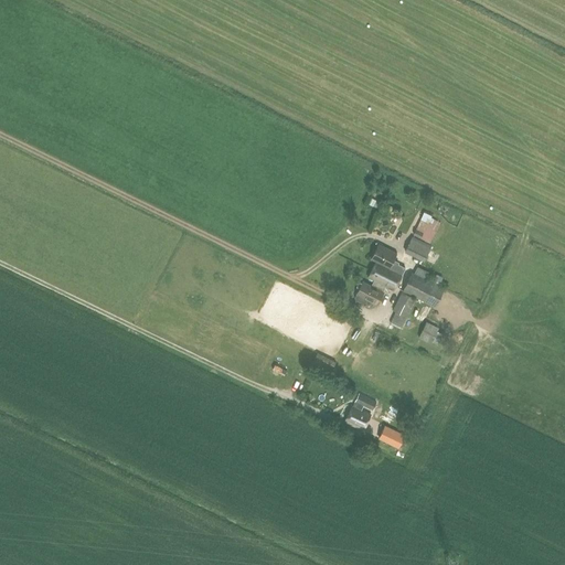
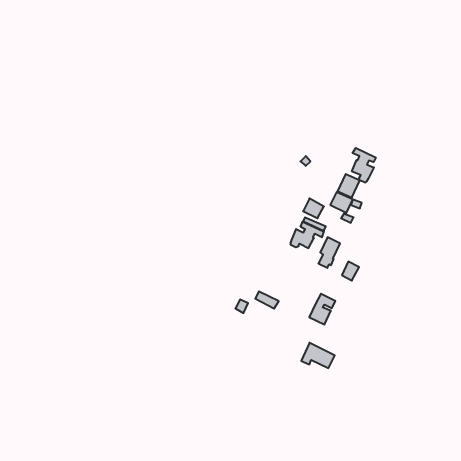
building: none -> [352,148,376,183]
building: [402,270,444,306] -> none
building: [344,392,376,429] -> [309,294,335,324]

